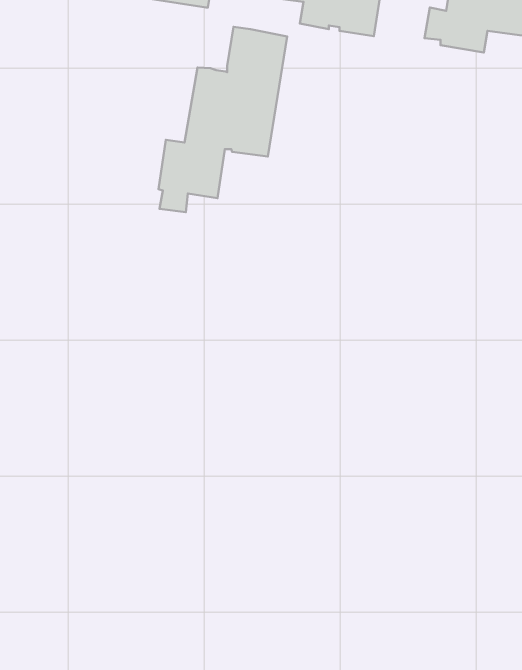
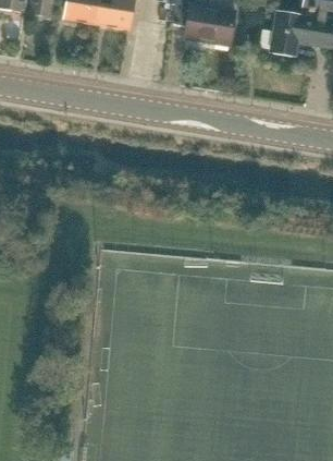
building: [158,27,287,212] -> none

